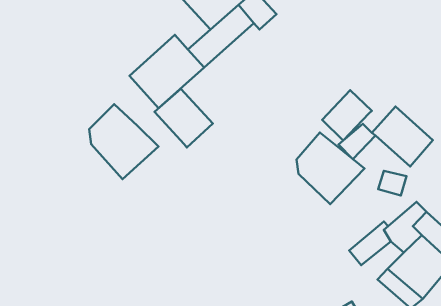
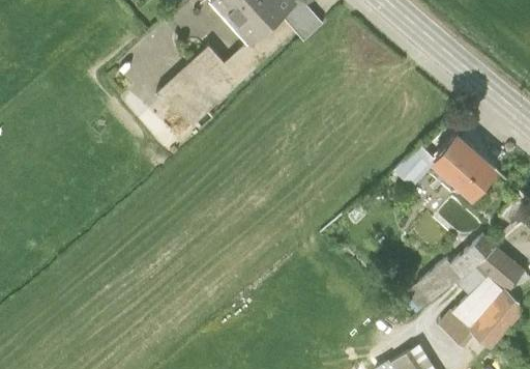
building: [155,89,213,147] -> none
building: [322,90,372,141] -> none
building: [89,104,159,179] -> none
building: [296,133,364,204] -> none

